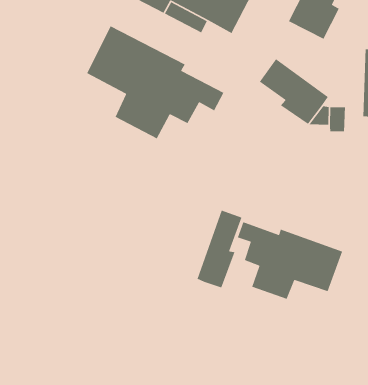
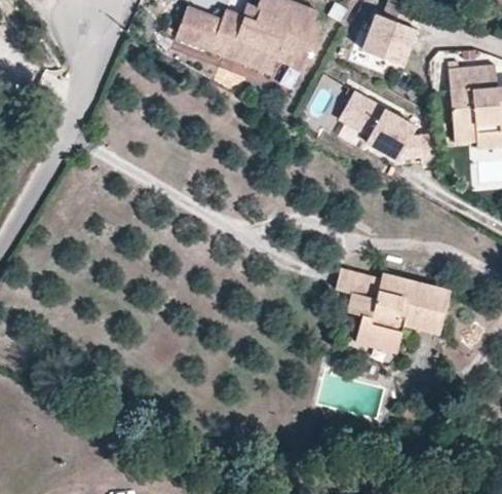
building: [86,25,225,139] -> none
building: [196,209,243,288] -> none

